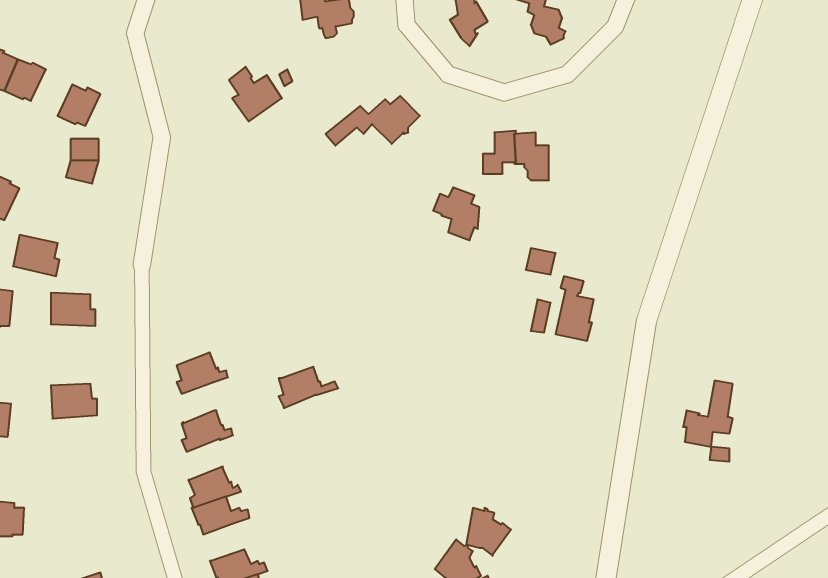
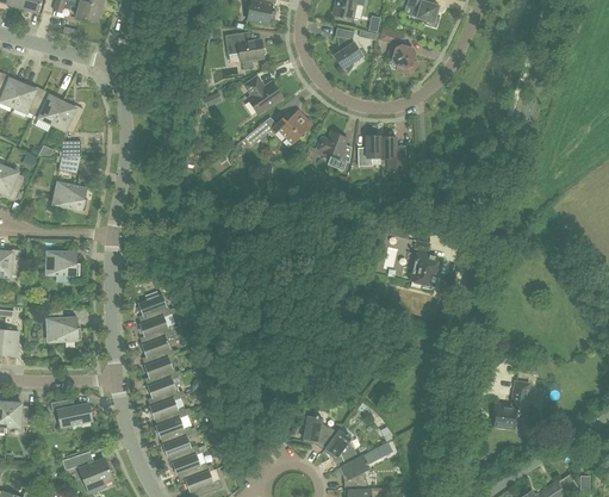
building: [229,67,282,121] -> [244,74,282,113]
building: none -> [32,89,62,123]
building: [433,187,479,240] -> [317,131,350,169]
building: [13,235,59,276] -> [54,180,87,210]
building: [279,367,338,408] -> [138,315,181,344]
building: [683,381,733,447] -> [492,380,528,428]
building: none -> [143,355,180,385]
building: none -> [50,397,92,425]
building: [466,508,511,556] -> [302,414,334,448]
building: none -> [154,414,195,443]

